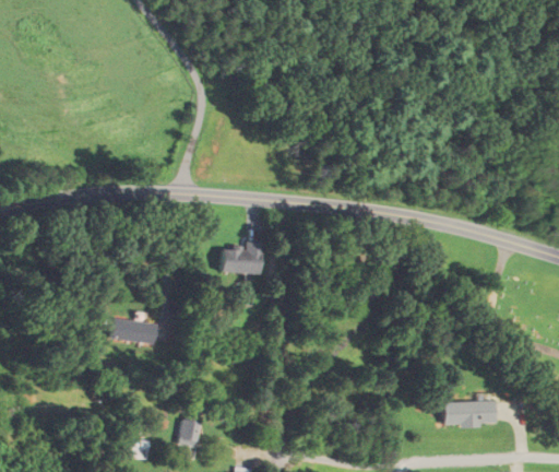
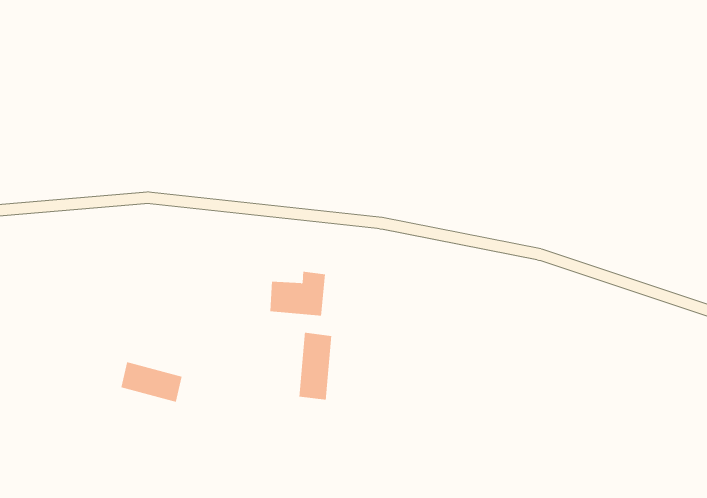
building: none -> [299,332,332,401]

